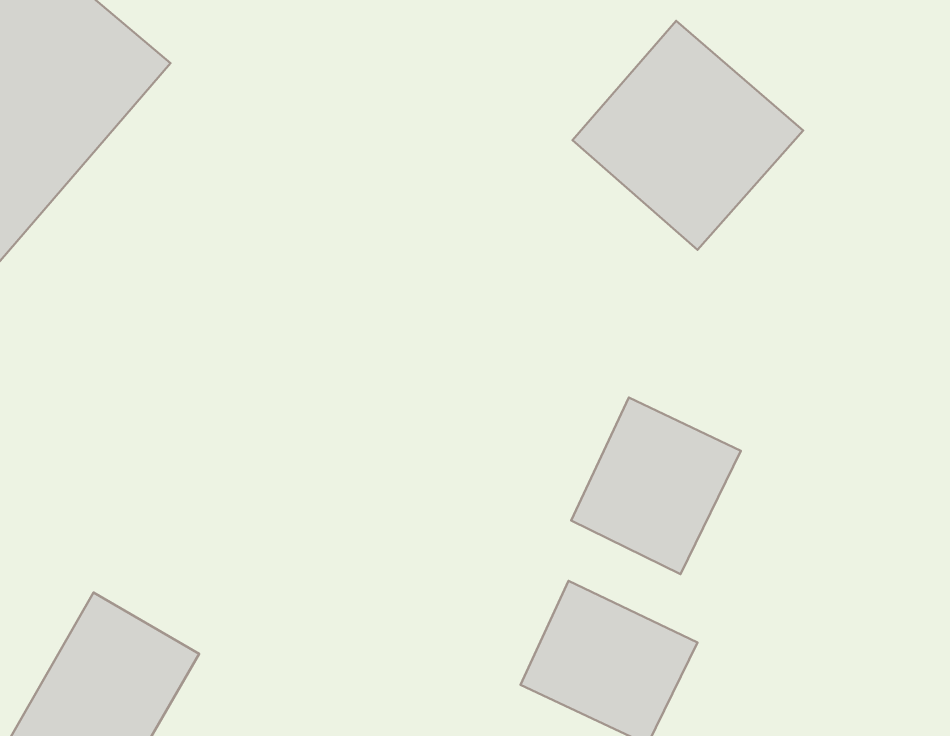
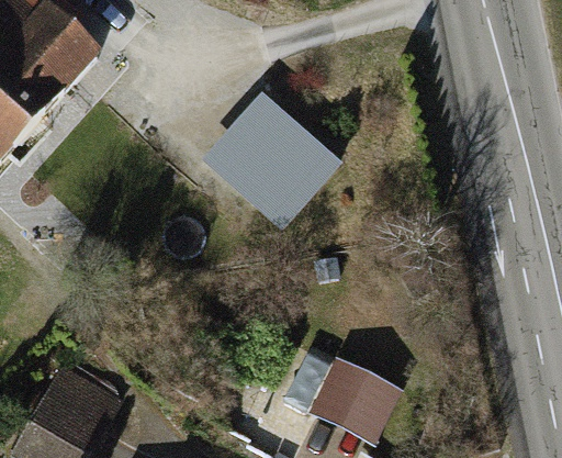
building: [572,21,803,250] -> [210,92,341,223]
building: [571,398,741,574] -> none

